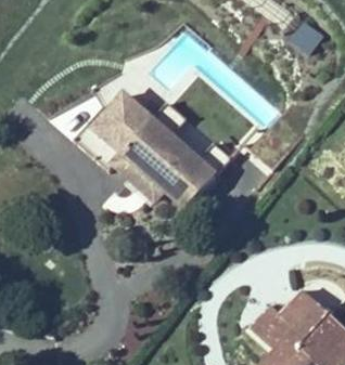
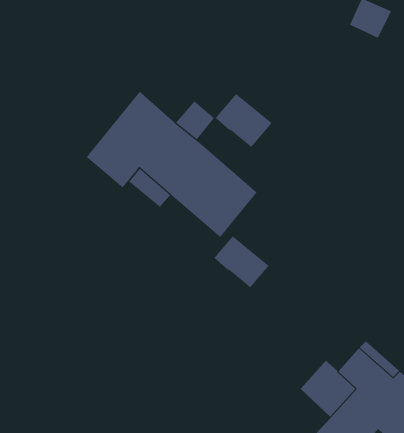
building: none -> [215,93,272,148]
building: none -> [213,235,269,288]

